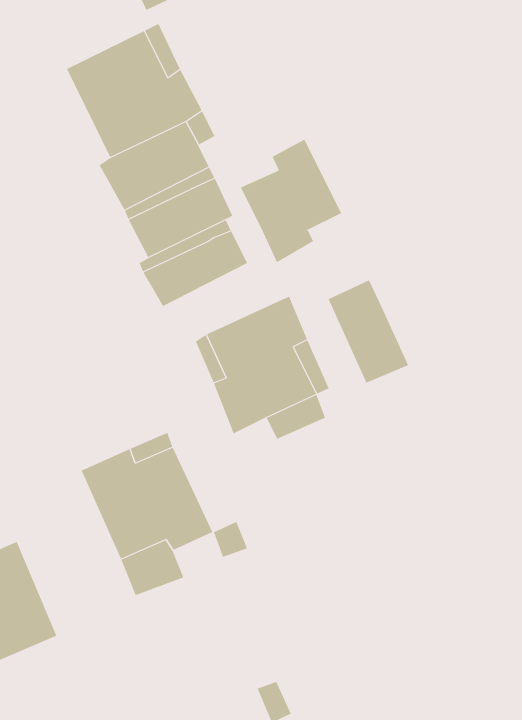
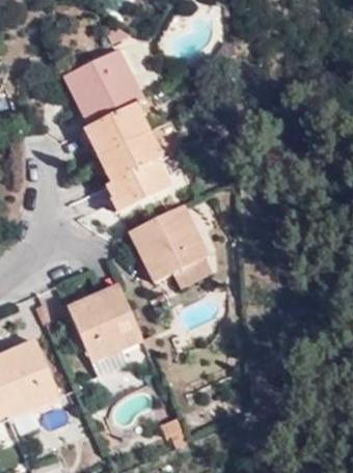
building: [240,139,342,263] -> none
building: [328,280,409,384] -> none

